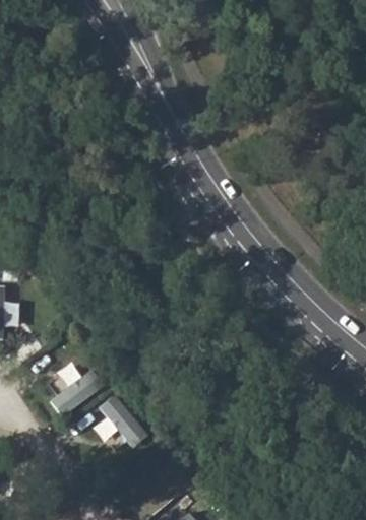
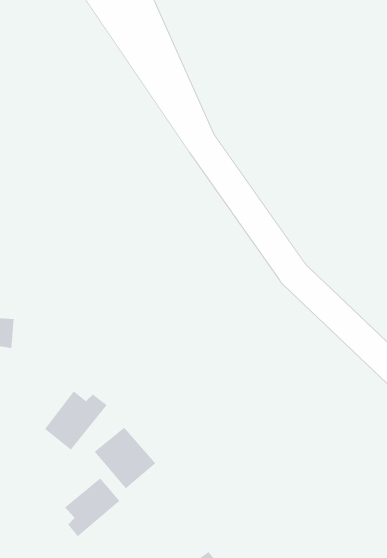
building: none -> [64,478,120,537]

